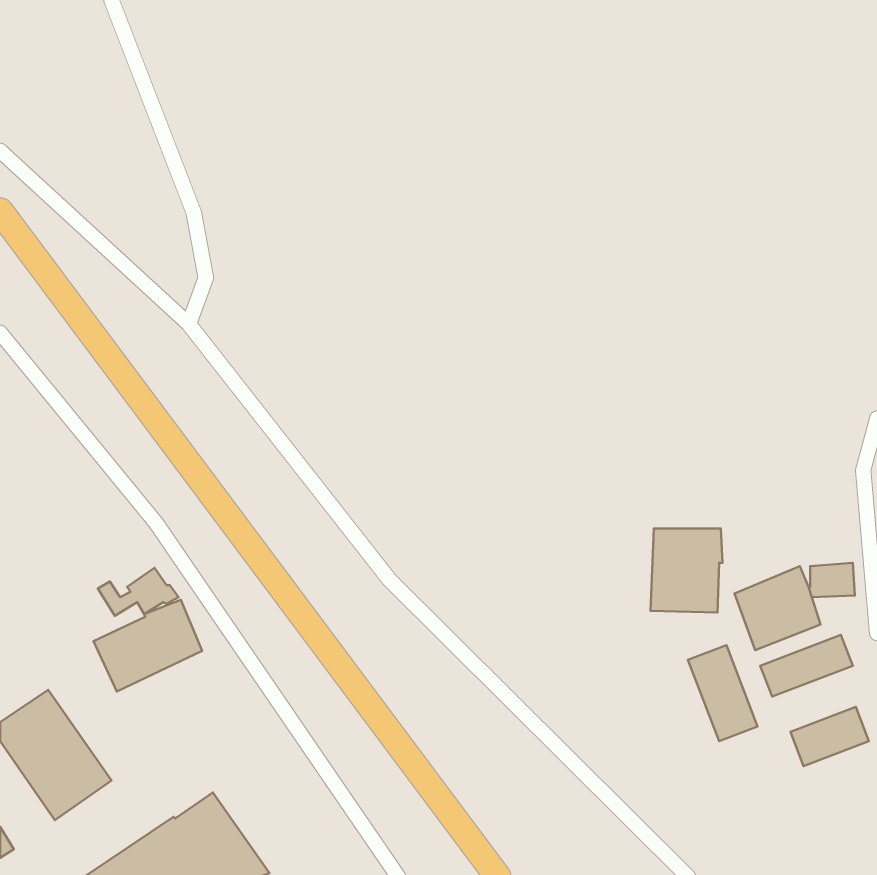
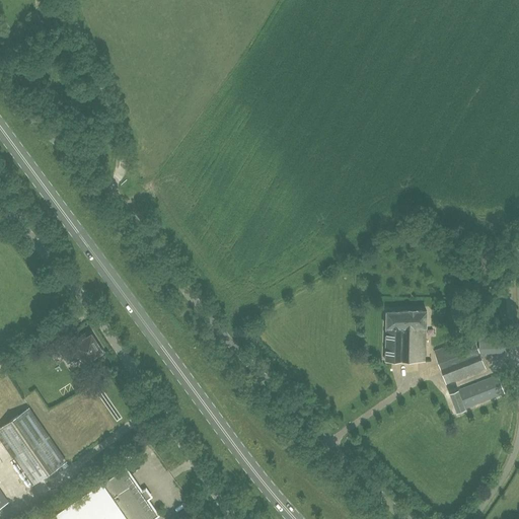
building: [94,600,202,691] -> none
building: [688,645,758,741] -> none
building: [791,707,869,766] -> none

